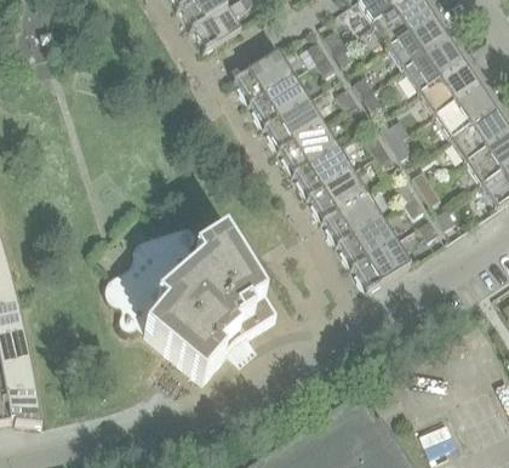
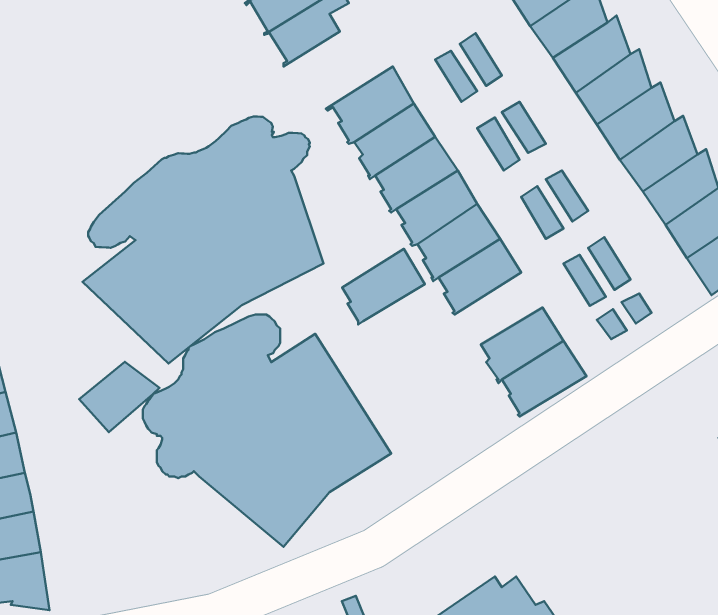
building: none -> [82,116,324,364]
building: [324,194,381,246] -> [342,249,425,325]
building: none -> [79,362,159,432]

